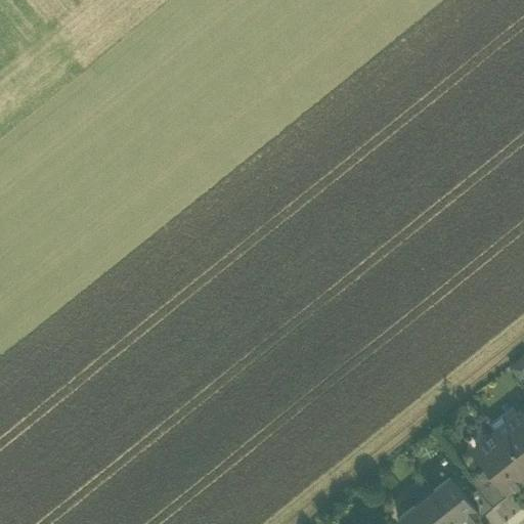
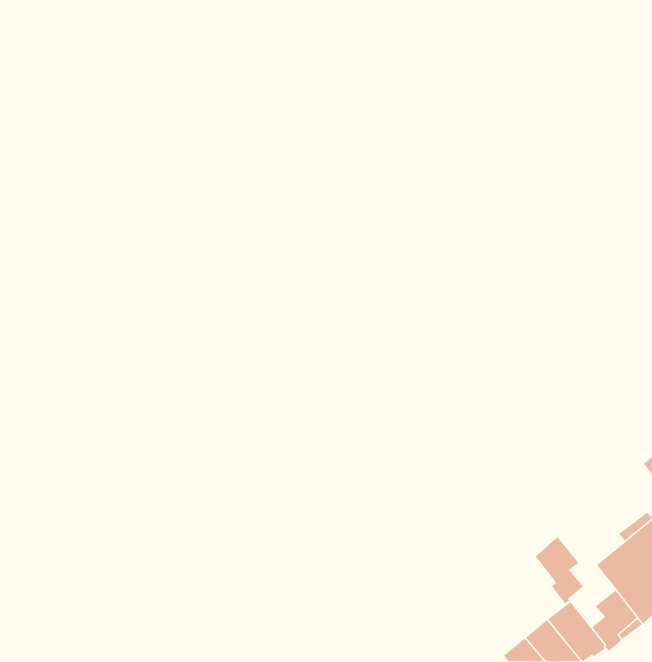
building: none -> [535,536,584,604]

